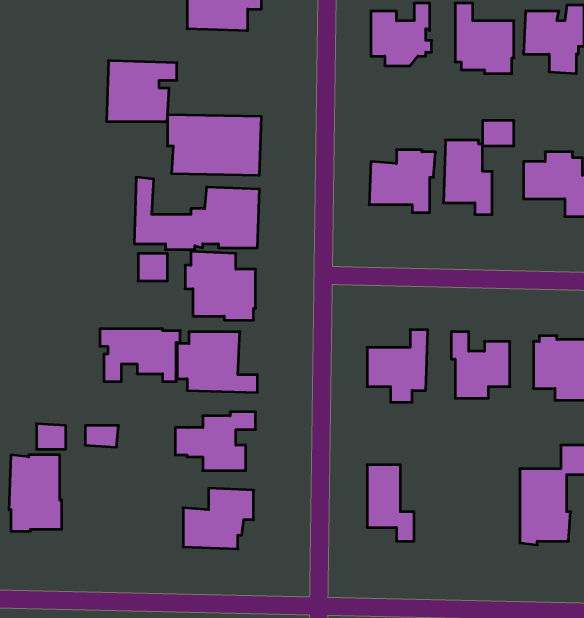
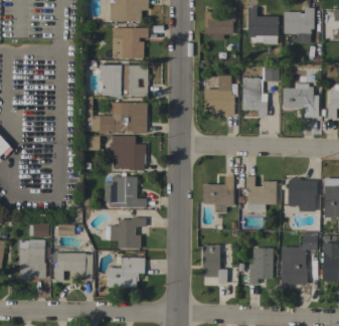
building: [106,61,177,121] -> [112,27,148,58]
building: [100,329,180,382] -> [52,253,94,280]
building: none -> [248,248,273,284]

